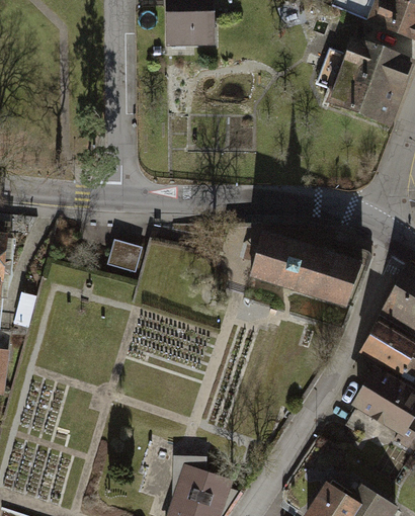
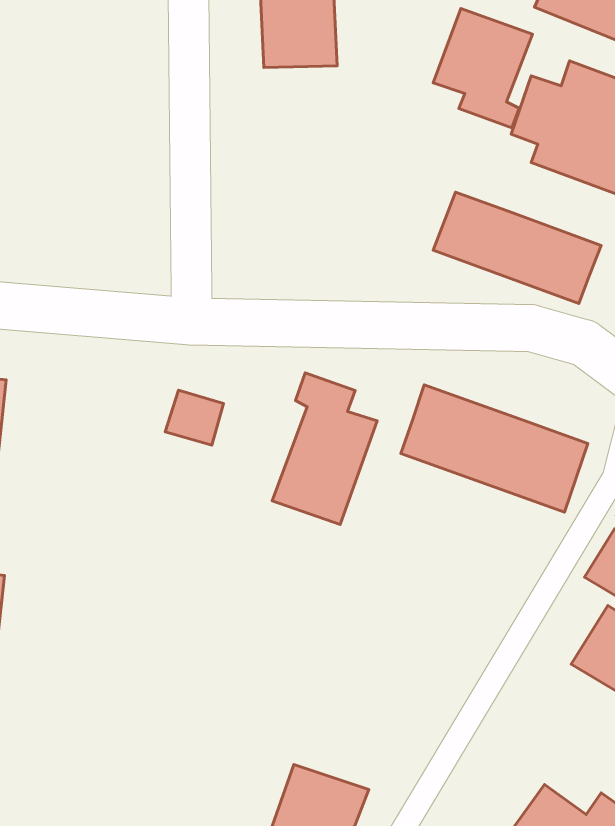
building: none -> [433,8,533,128]
building: none -> [433,192,601,304]
building: none -> [272,373,377,524]

